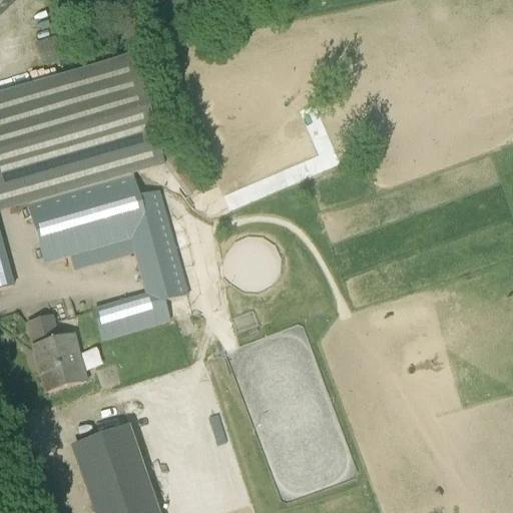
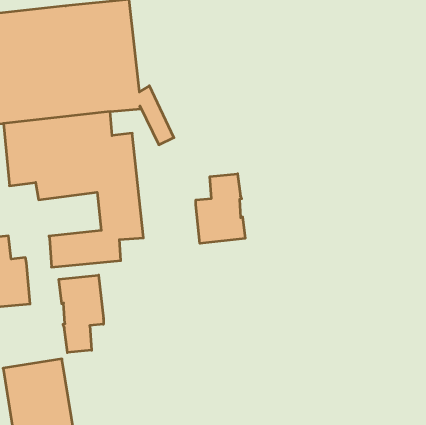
building: none -> [196,174,245,243]
building: none -> [59,275,103,353]

